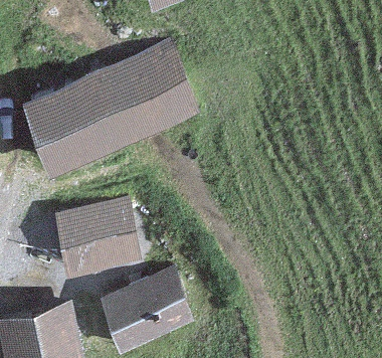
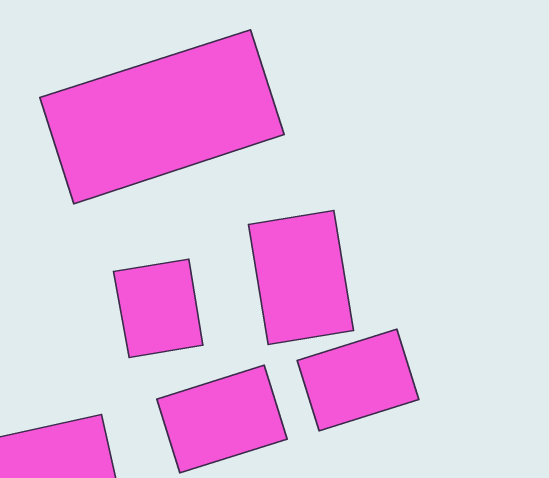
building: none -> [249,210,353,345]
building: none -> [297,329,419,431]

